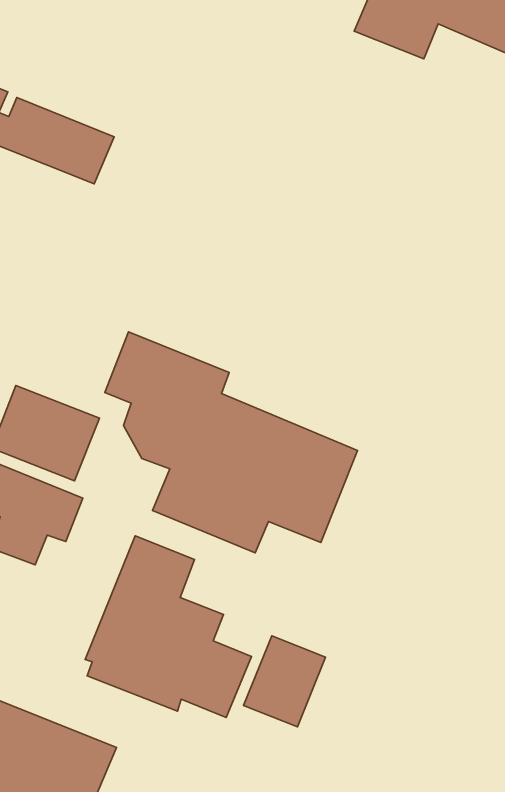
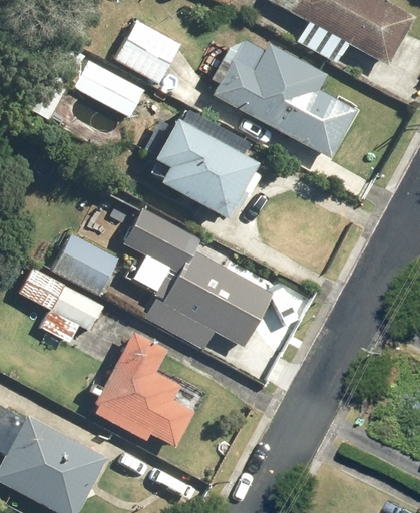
building: none -> [115,20,181,83]
building: none -> [213,41,357,158]
building: none -> [145,110,262,218]
building: [244,636,326,727] -> none

